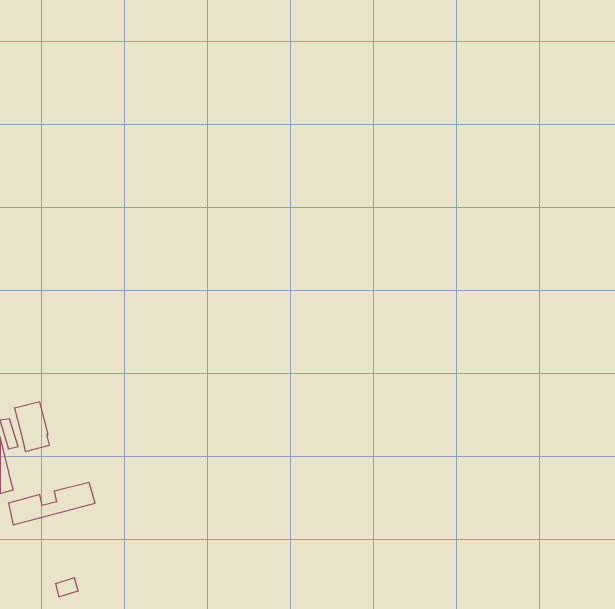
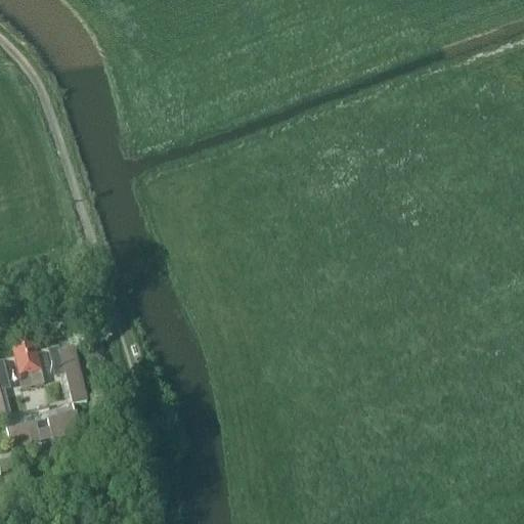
building: none -> [54,341,86,402]

